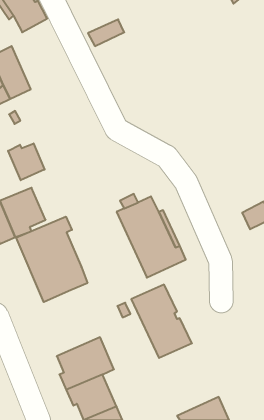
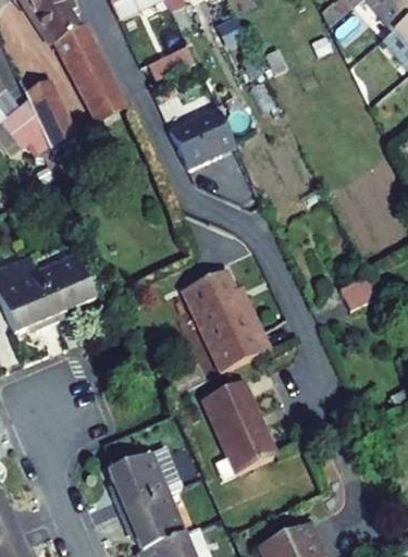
building: none -> [64,44,127,121]
building: none -> [170,104,235,165]
building: [8,143,45,180] -> none
building: [16,217,87,302] -> none

